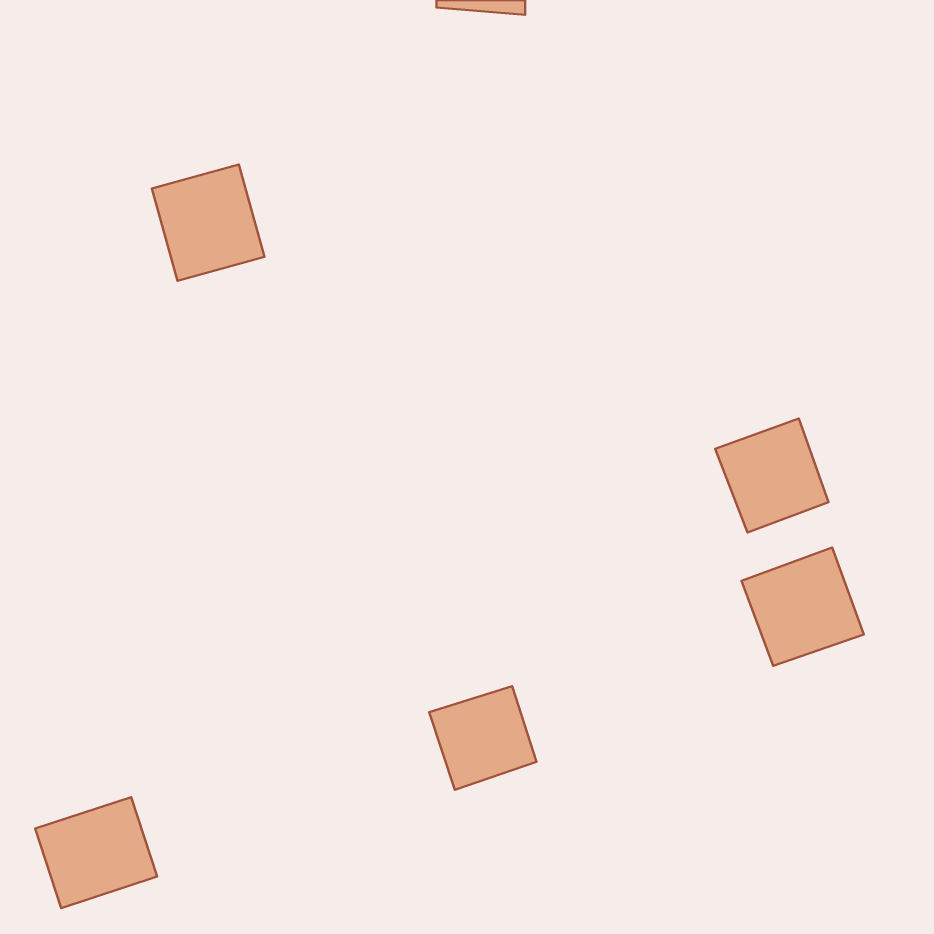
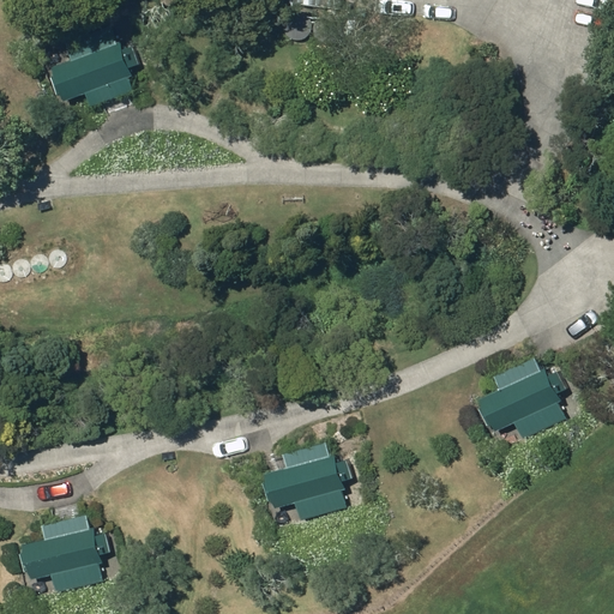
building: [152,164,265,281] -> [58,31,131,107]
building: [715,418,828,533] -> none

